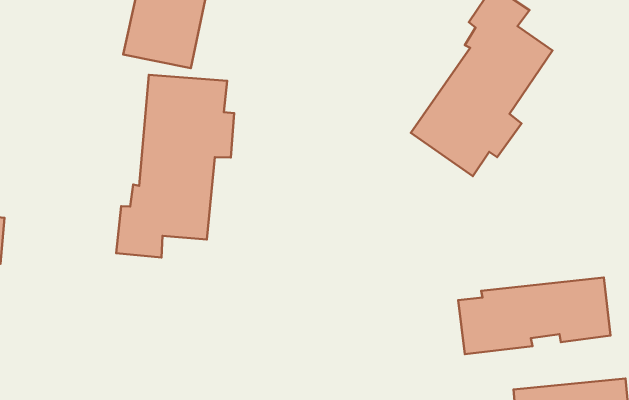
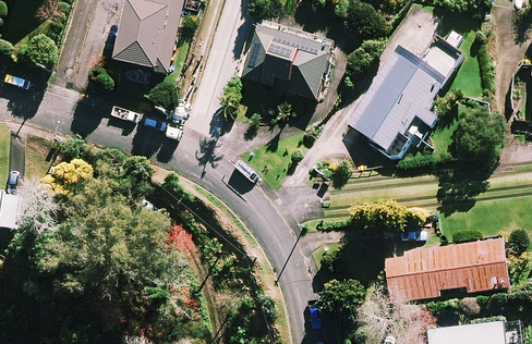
building: none -> [242,24,329,99]
building: [116,75,234,258] -> none

